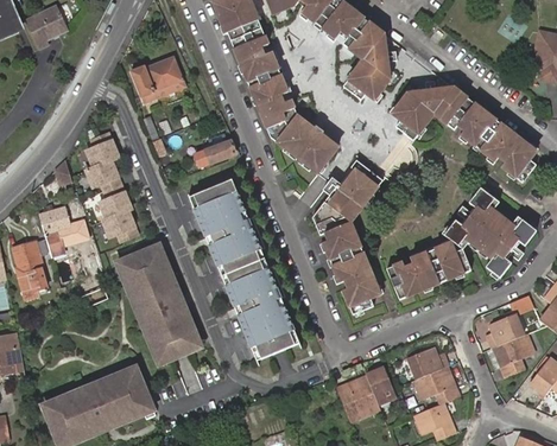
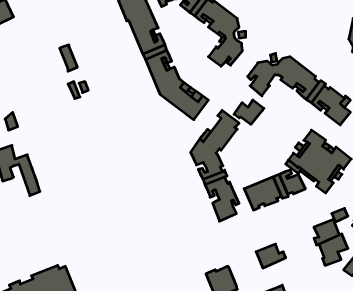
building: [144,57,186,98] -> none
building: [87,133,139,242] -> none
building: [195,138,234,167] -> none
building: none -> [234,100,264,124]
building: [189,180,299,361] -> none
building: [121,246,197,363] -> none
building: [412,365,460,404] -> none
building: [367,367,395,403] -> none

